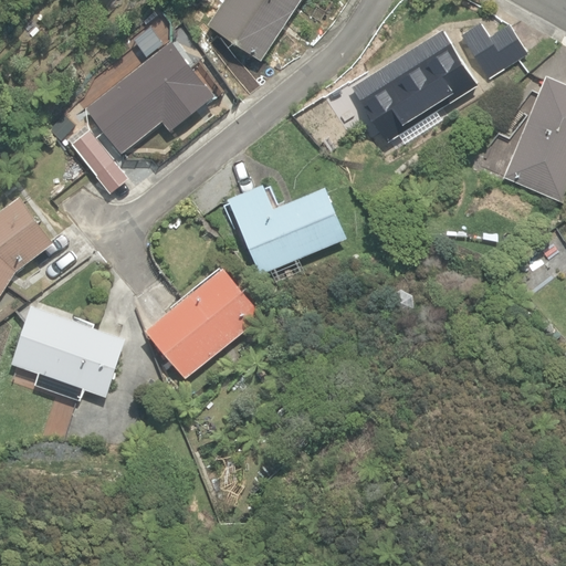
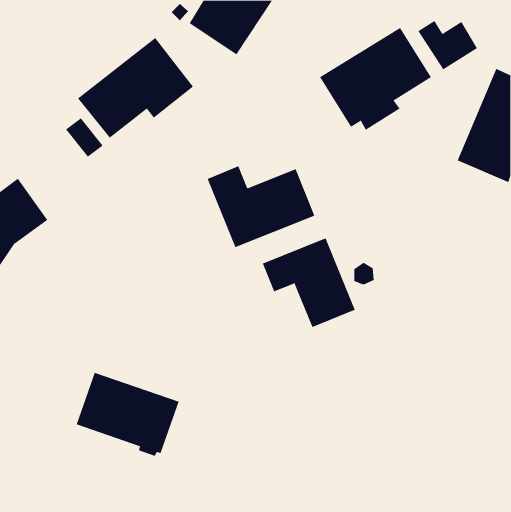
building: none -> [262,237,356,328]
building: [146,268,263,379] -> none
building: [11,306,125,399] -> [76,372,179,457]

